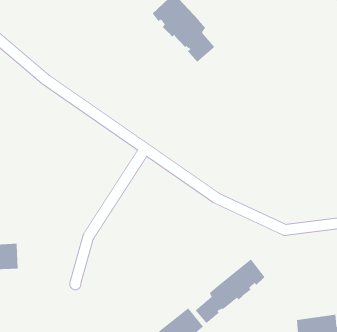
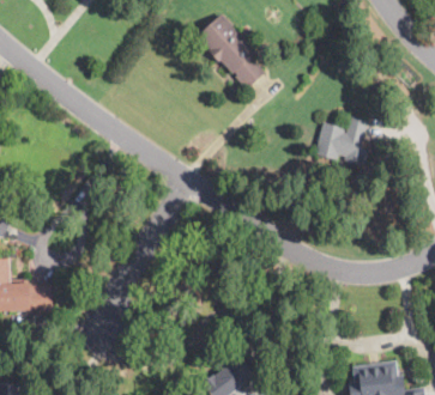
building: none -> [314,116,365,166]
building: [195,259,265,324] -> none

